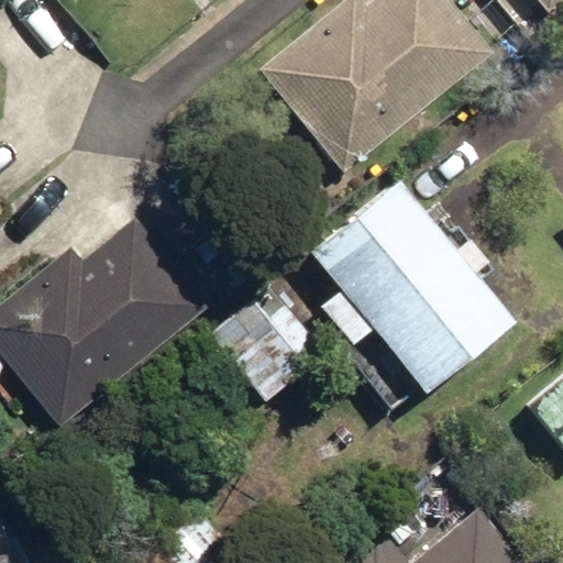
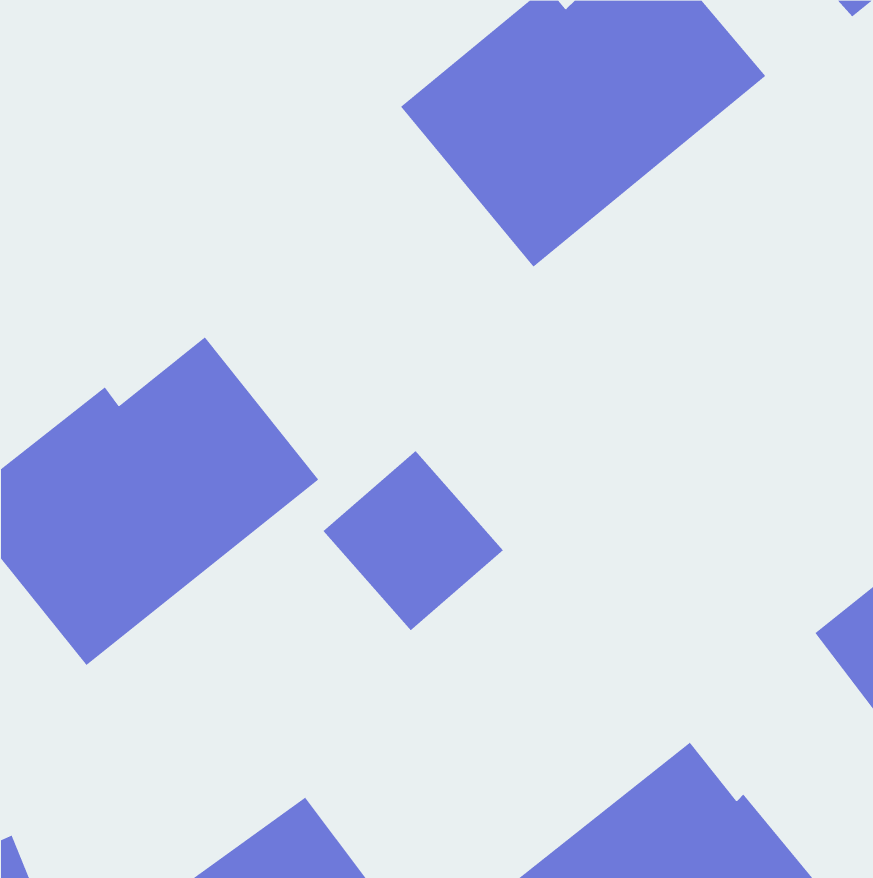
building: [308,179,510,390] -> none

